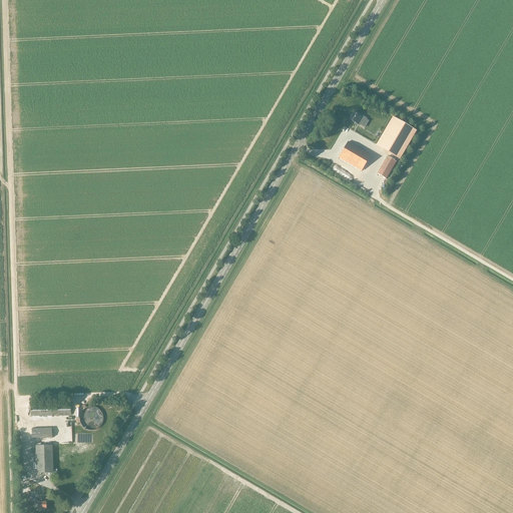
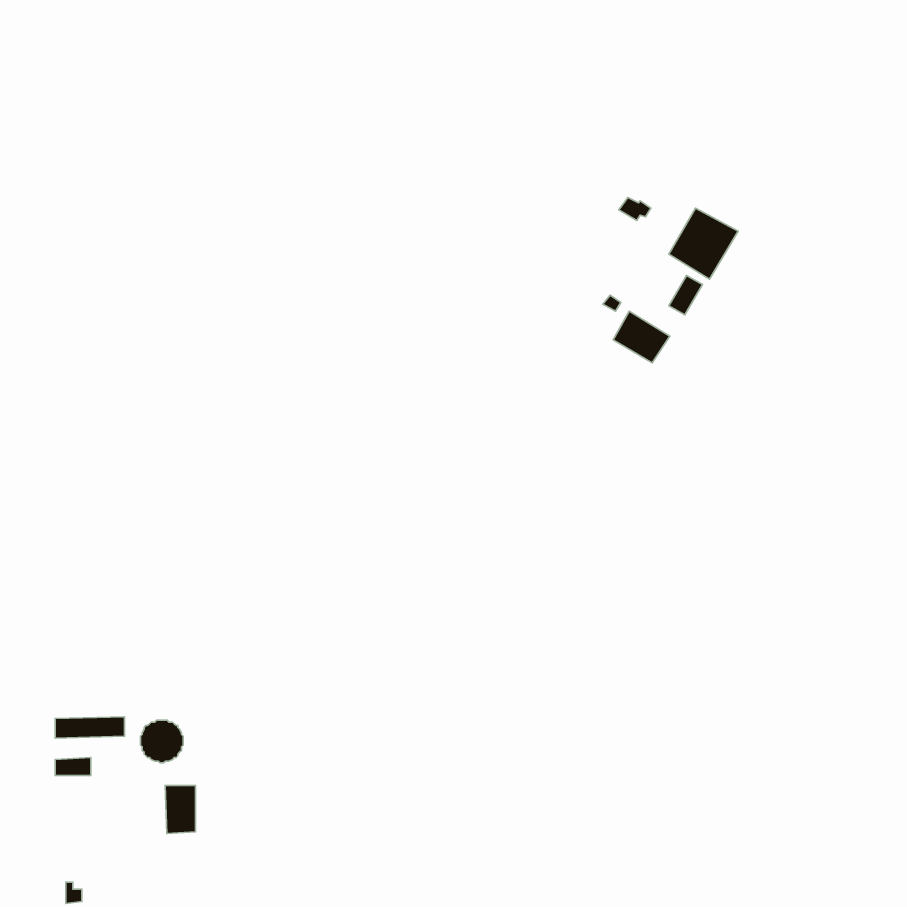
building: [340,140,372,169] -> [613,311,670,363]
building: [36,445,53,472] -> [165,786,195,834]

